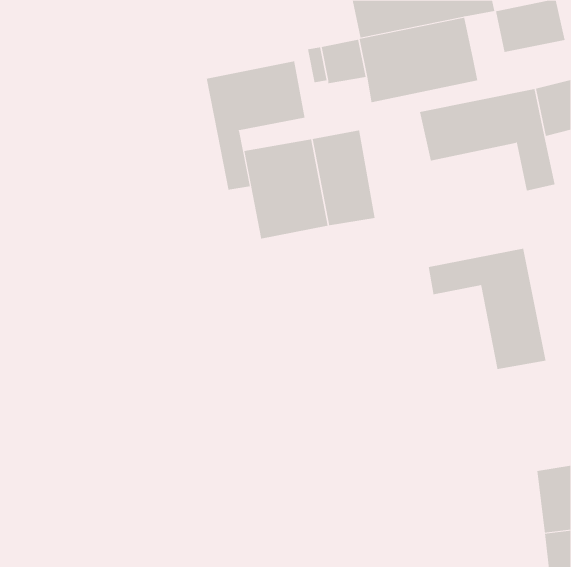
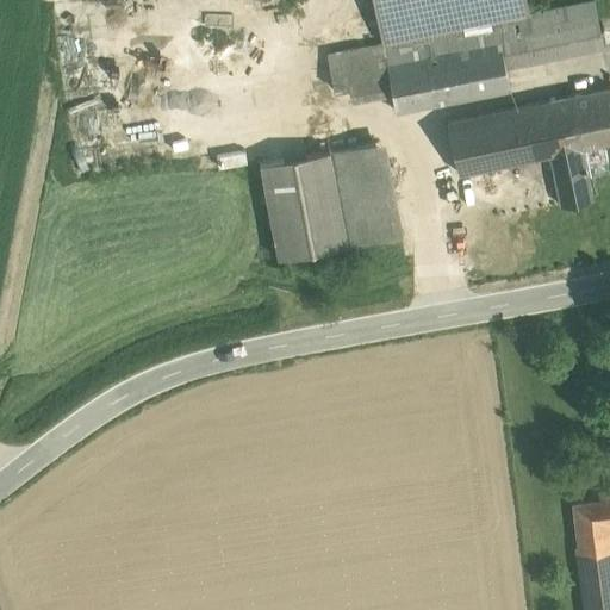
building: none -> [496,17,537,68]
building: [206,61,305,190] -> none
building: [428,248,546,370] -> none

